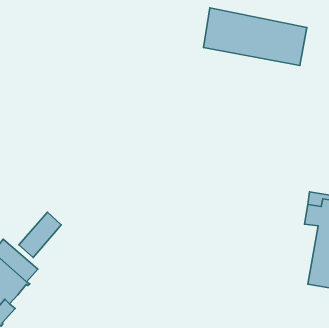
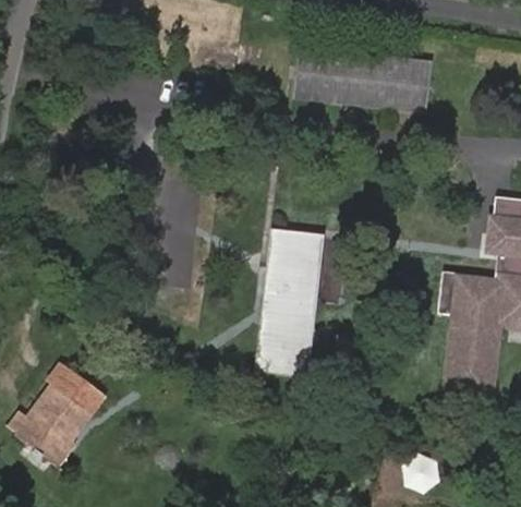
building: none -> [258,231,324,377]
building: [19,212,61,257] -> none

